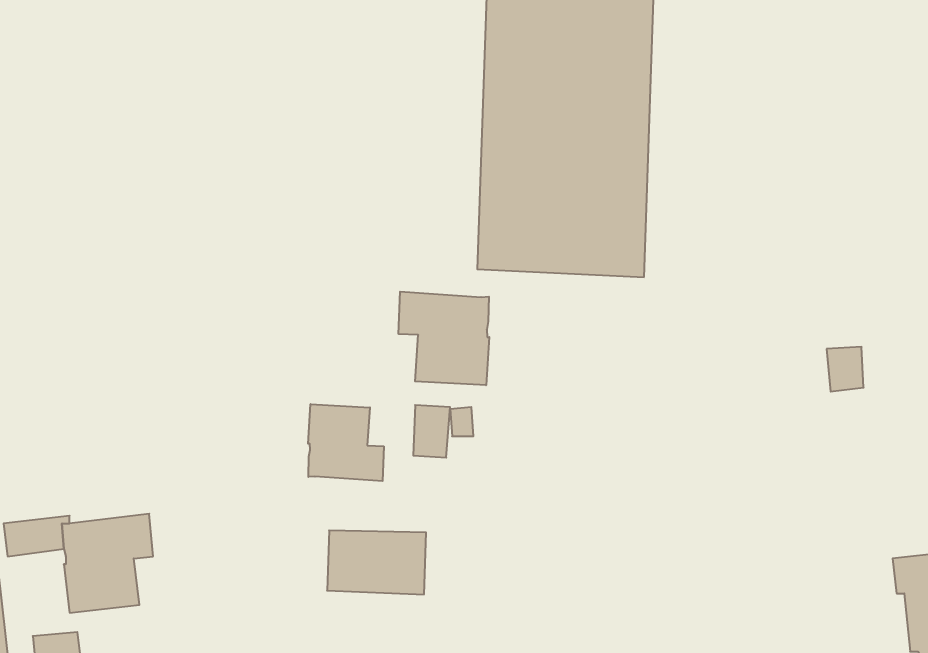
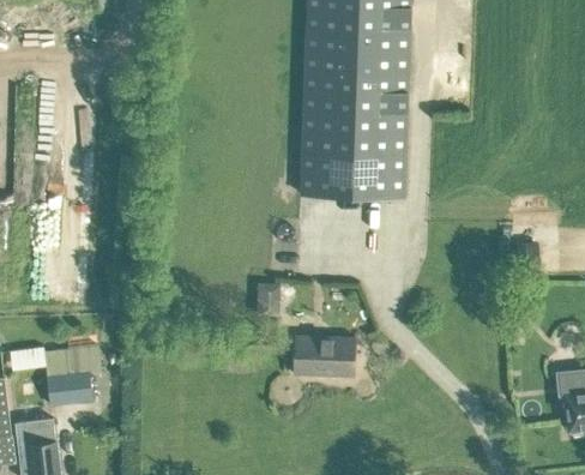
building: [399,292,489,385] -> none
building: [308,404,384,481] -> none
building: [327,530,426,594] -> [295,336,356,375]

